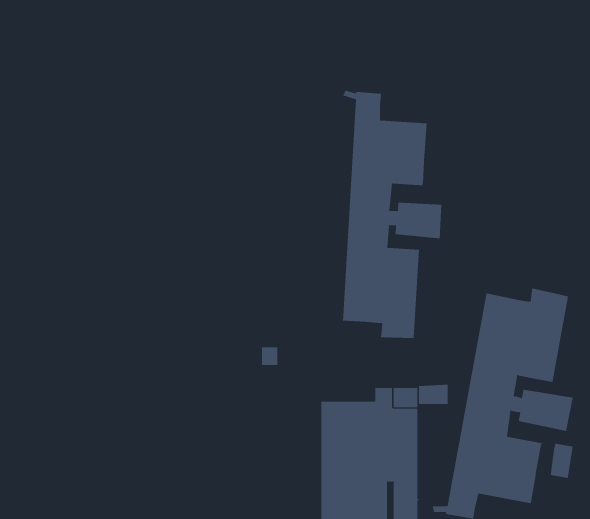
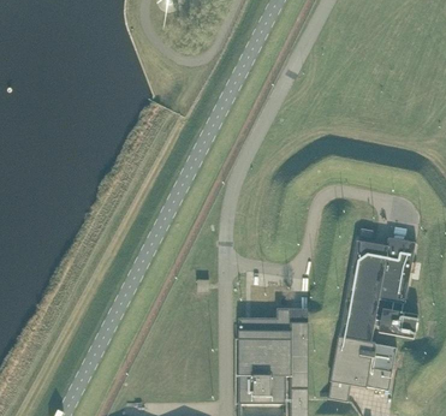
building: [343,90,442,339] -> none

